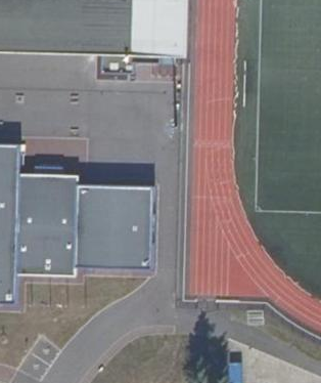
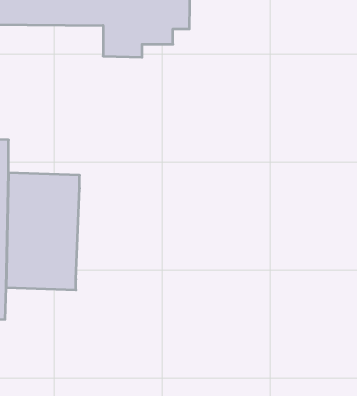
building: [76,186,152,267] -> none

